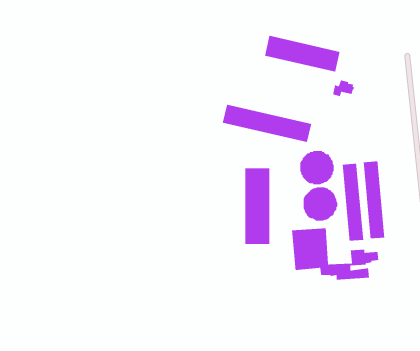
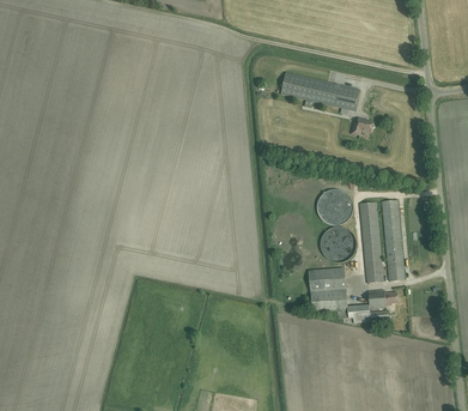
building: [222,104,312,143] -> none
building: [245,168,270,245] -> none

